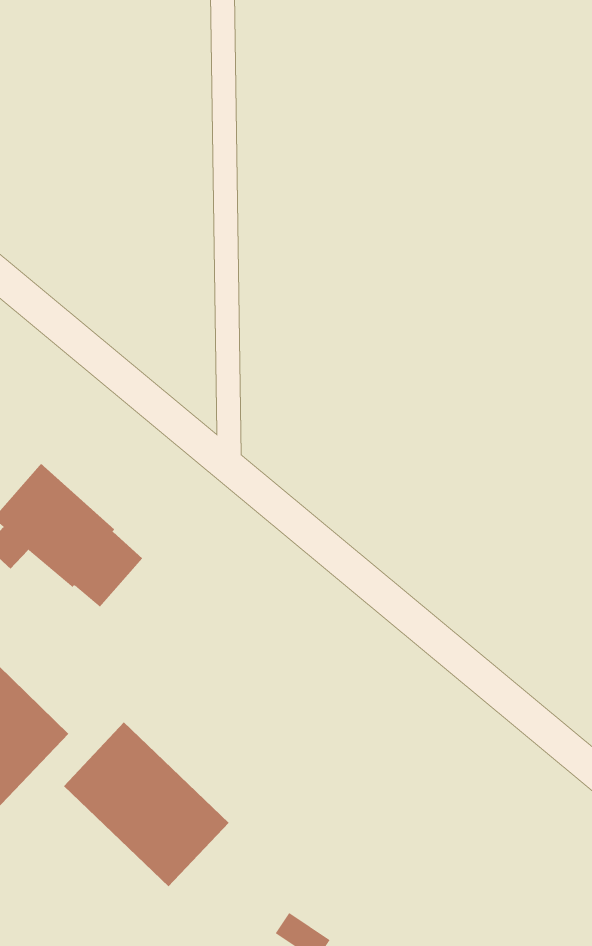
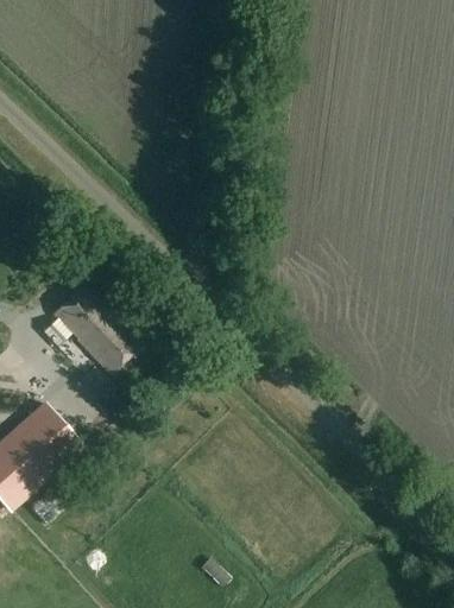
building: [63,722,229,887] -> none

